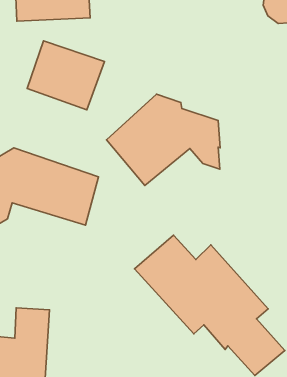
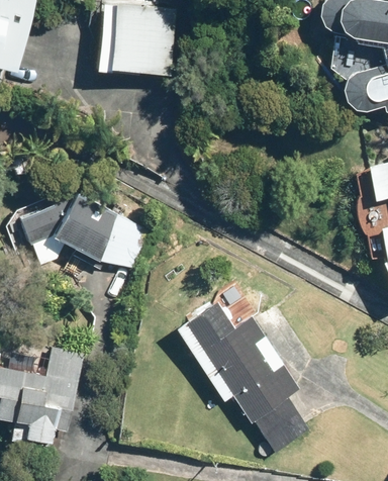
building: [27,41,104,110] -> none
building: [106,94,220,186] -> none

